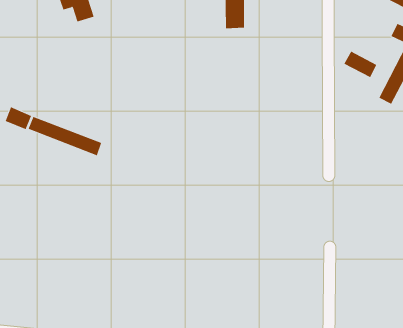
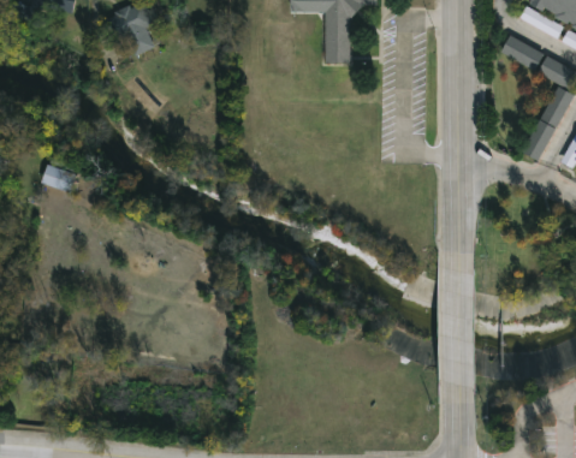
building: [343,51,377,78] -> [500,34,544,69]
building: [28,116,102,156] -> none

